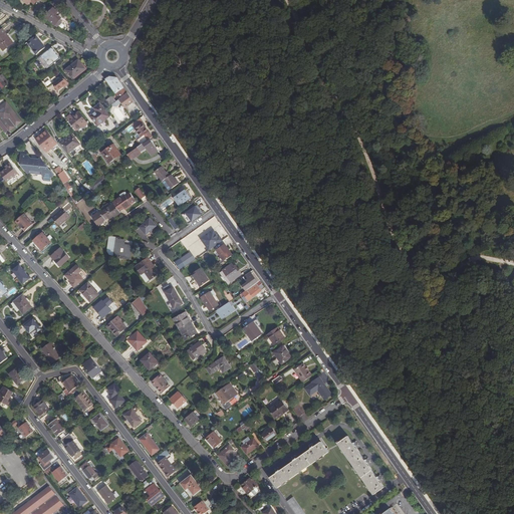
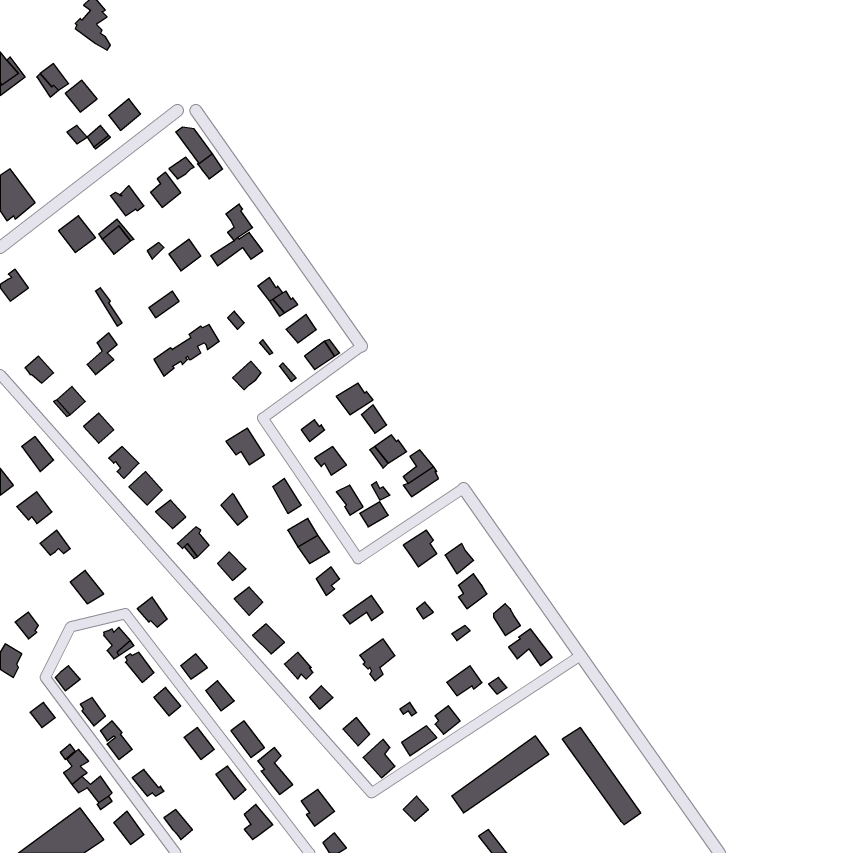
building: [18,153,53,181] -> none
building: [106,236,131,258] -> none

